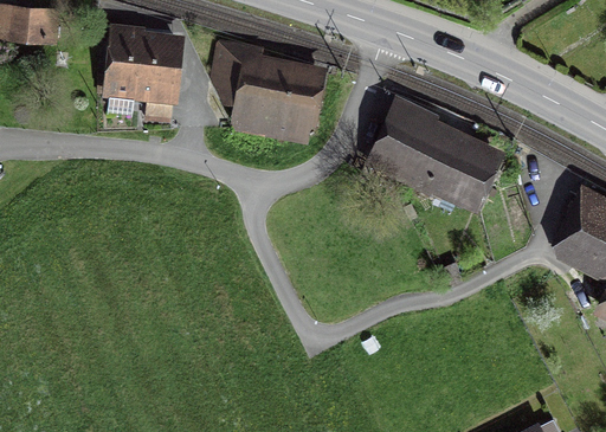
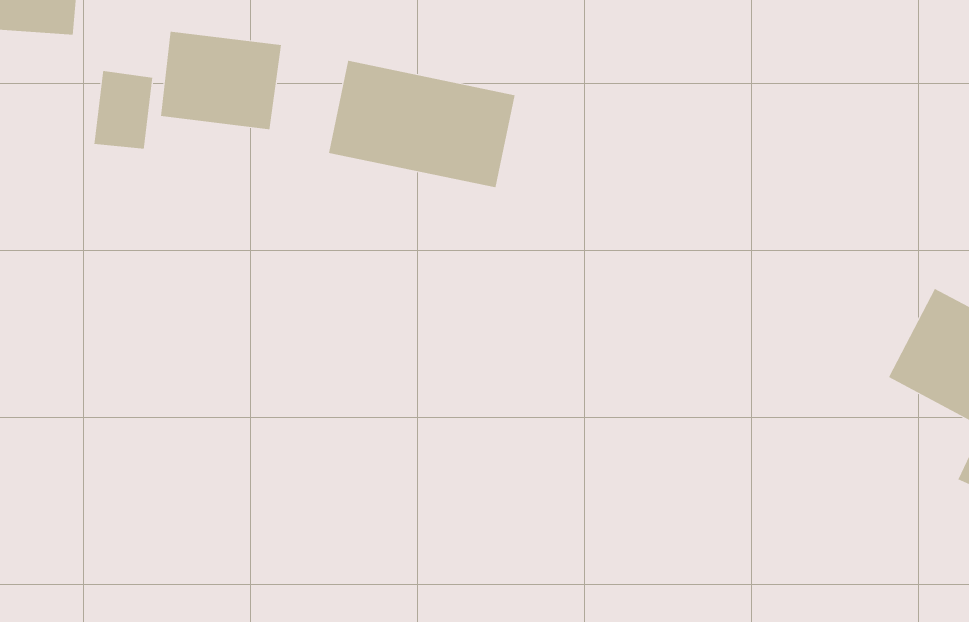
building: none -> [94,70,153,150]
building: [370,104,498,206] -> none

